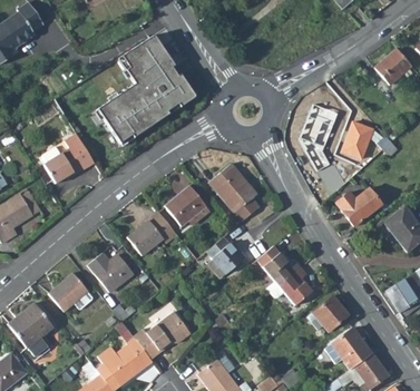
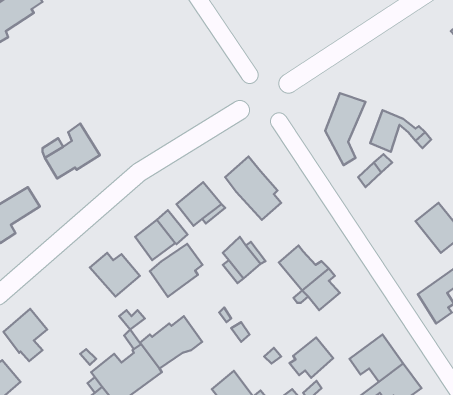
building: [100,38,196,146] -> none
building: [375,49,412,86] -> none
building: [336,189,382,227] -> none
building: none -> [150,244,203,297]
building: [47,274,89,310] -> none
building: [309,295,349,332] -> [289,338,333,378]

